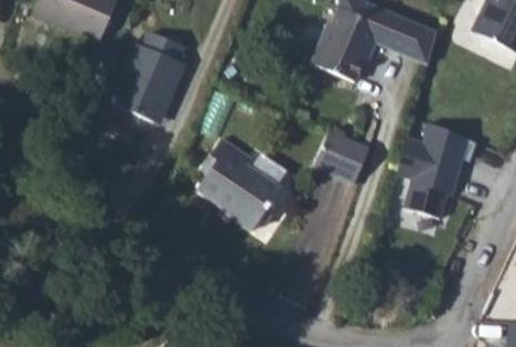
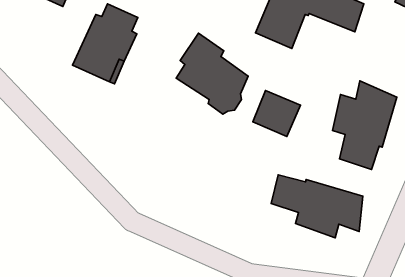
building: [191,137,272,228] -> [176,33,248,114]
building: none -> [271,175,363,238]

